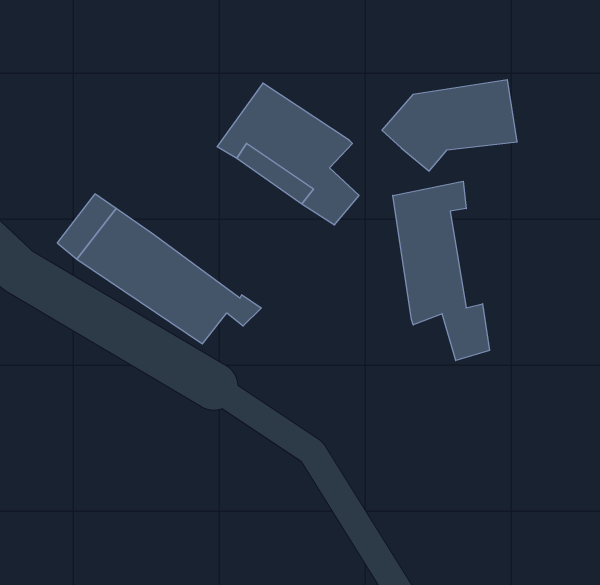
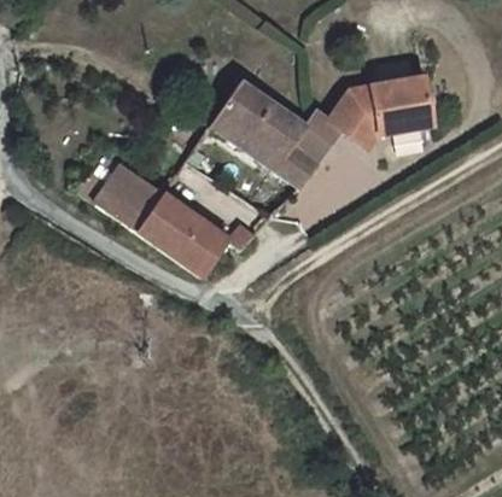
building: none -> [293,105,346,163]
building: [393,181,489,361] -> none

